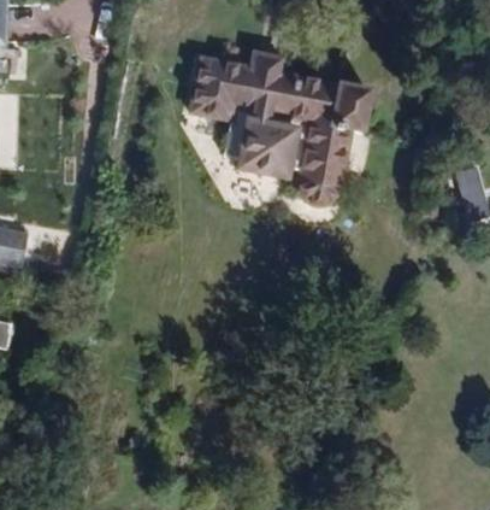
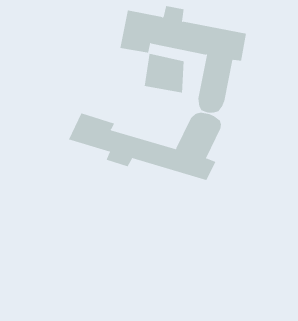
building: none -> [68,112,222,181]

